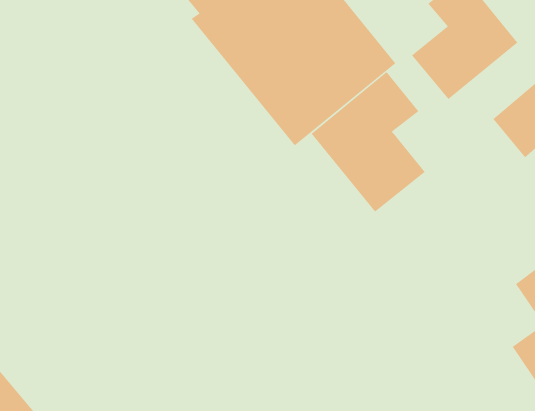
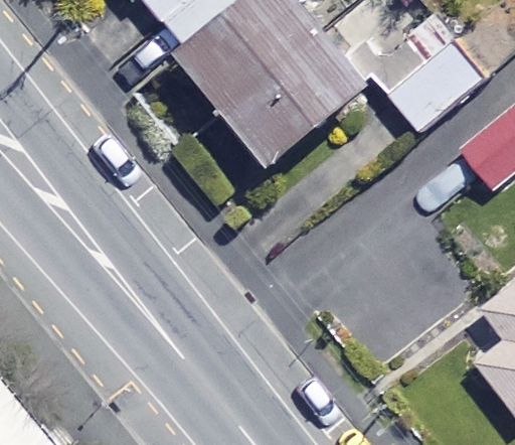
building: [311,71,425,212] -> none

